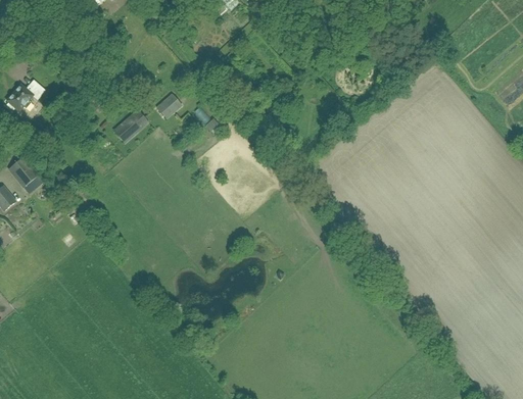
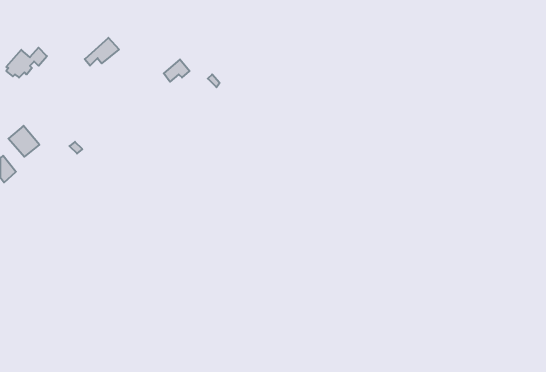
building: [114,110,147,137] -> [85,38,119,66]

